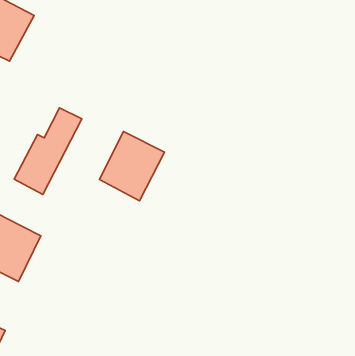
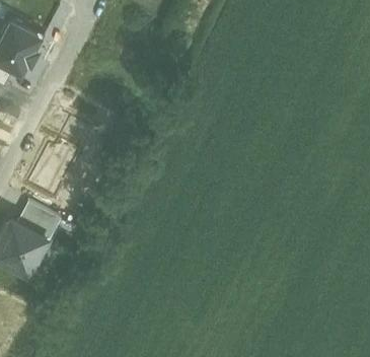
building: [99,132,165,201] -> none
building: none -> [17,201,60,235]

